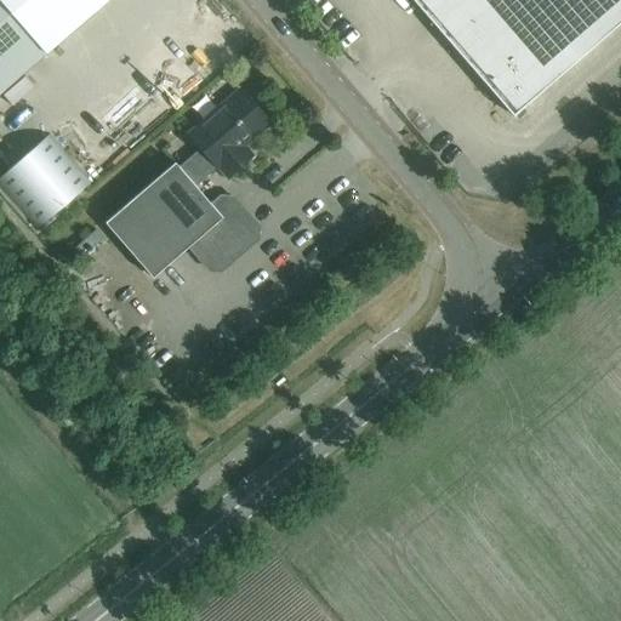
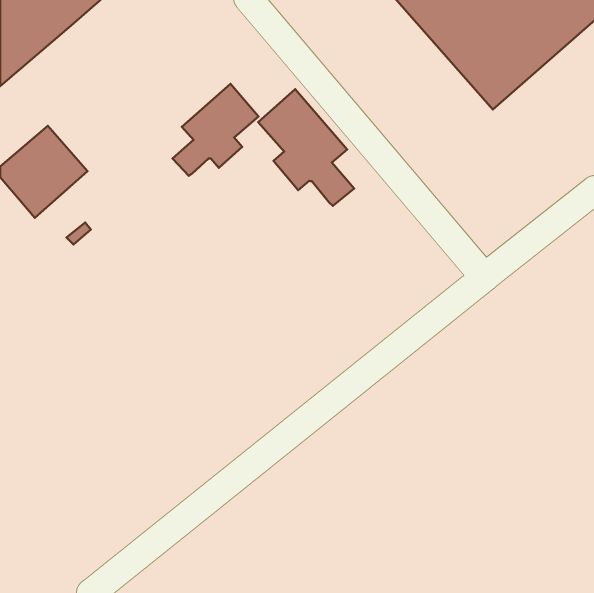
building: none -> [258,89,354,206]
building: [107,160,256,277] -> none

